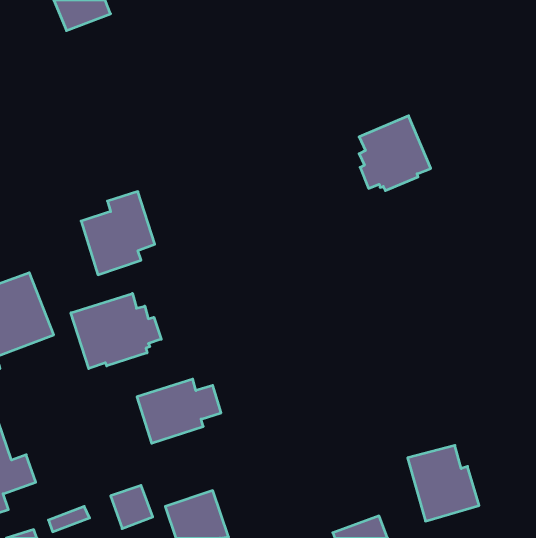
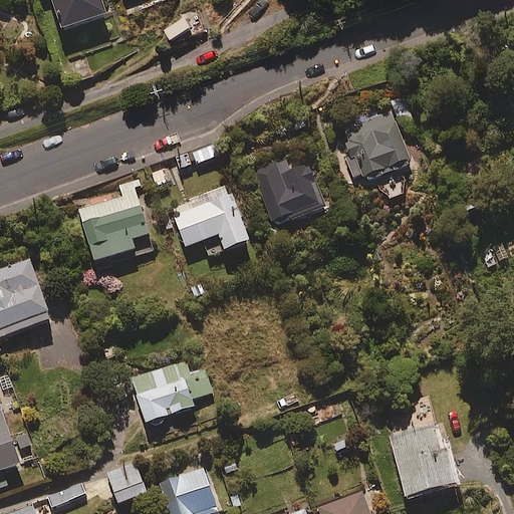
building: none -> [252,160,326,222]
building: none -> [171,184,249,256]
building: [71,293,161,369] -> none

